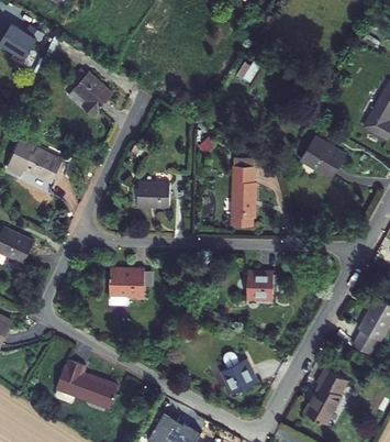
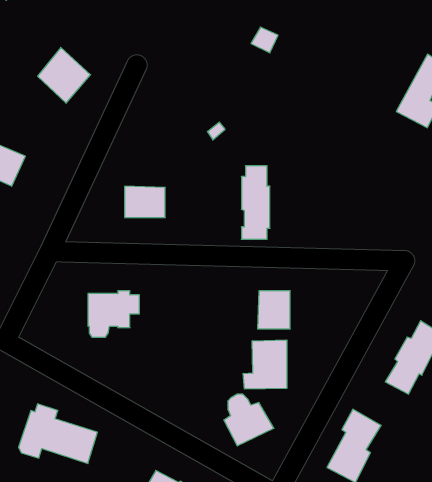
building: [302,136,344,177] -> none
building: none -> [243,340,287,389]

